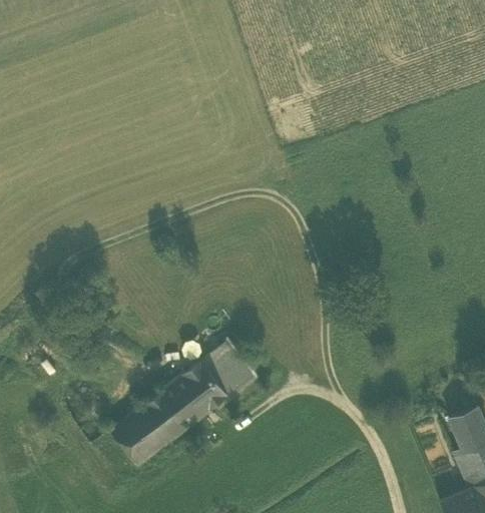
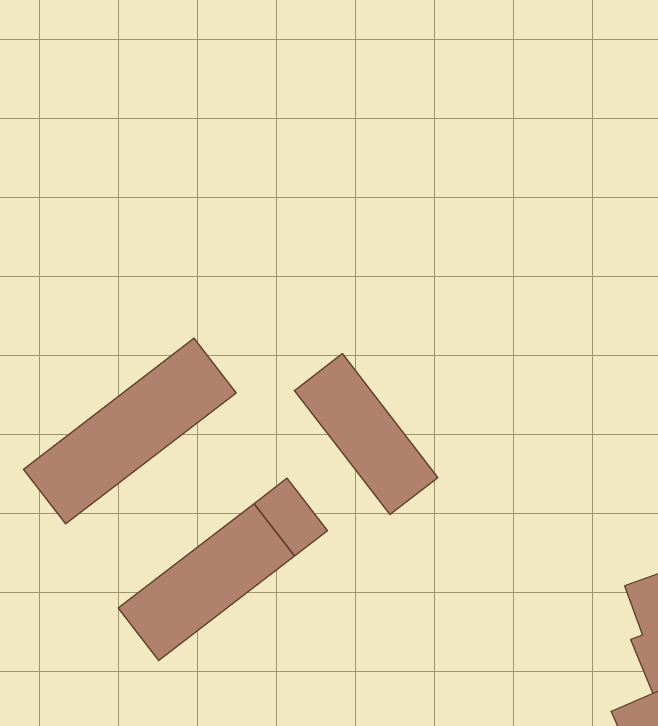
building: none -> [24,338,236,524]
building: none -> [294,354,438,515]

